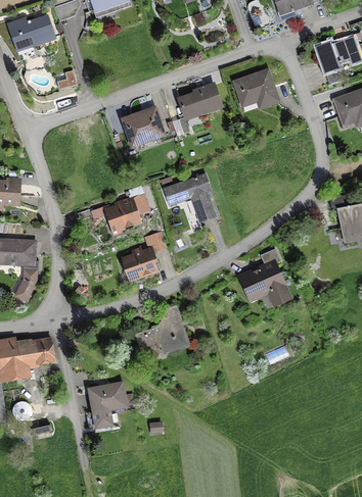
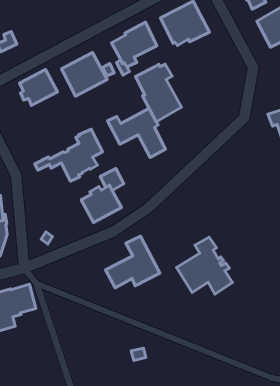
building: none -> [19,69,57,105]
building: none -> [136,64,182,122]
building: [237,248,293,308] -> [177,237,233,294]
building: [87,381,135,430] -> none

